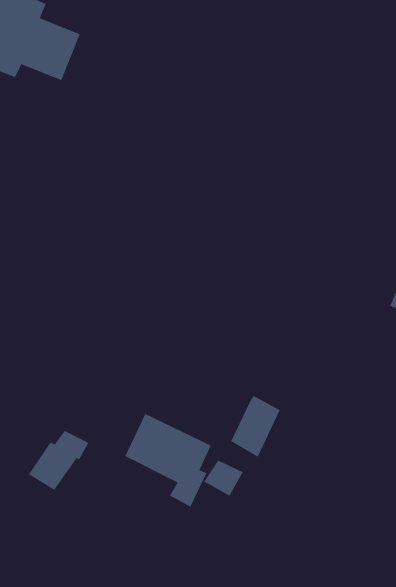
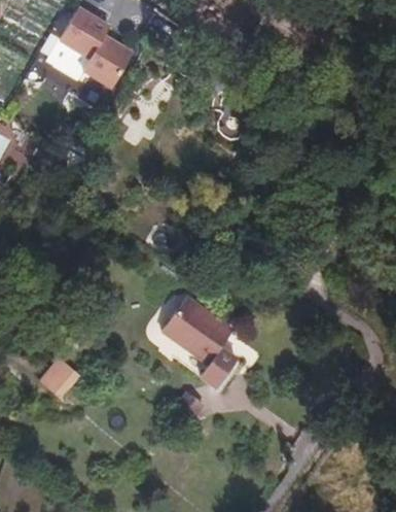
building: [124,413,212,508] -> [157,297,225,374]

